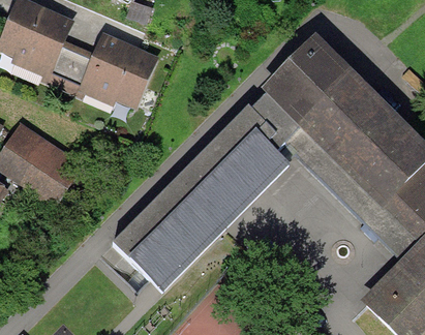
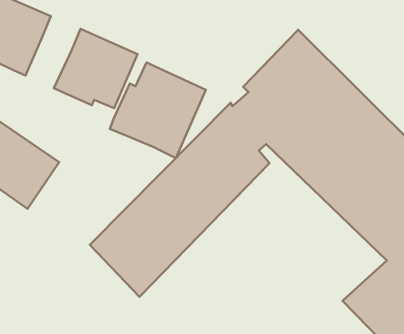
building: [38,39,94,98] -> none
building: none -> [110,63,206,158]

